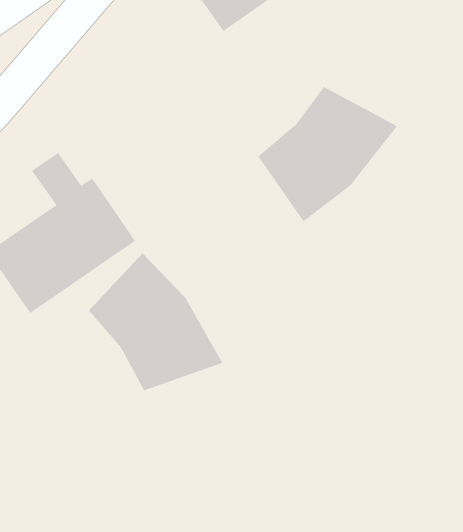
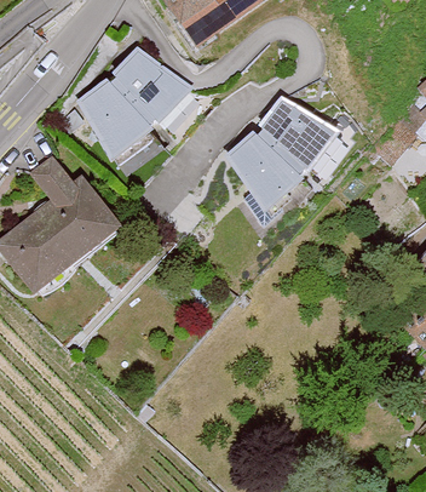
building: none -> [77,45,189,160]
building: [88,252,223,391] -> none

